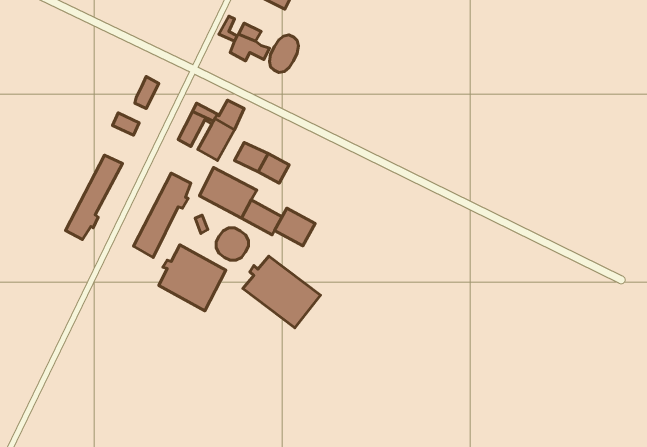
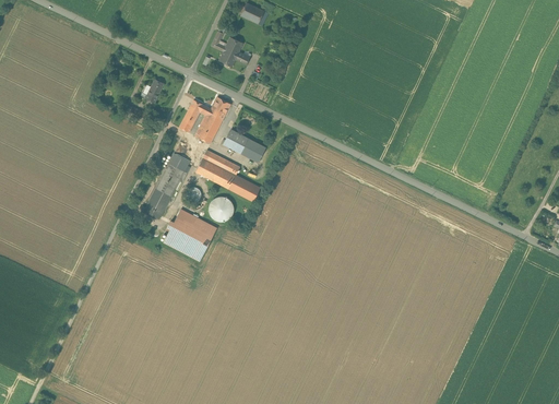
building: [269,35,298,73] -> none
building: [66,155,123,240] -> none
building: [275,208,315,246] -> none
building: [243,256,321,328] -> none

